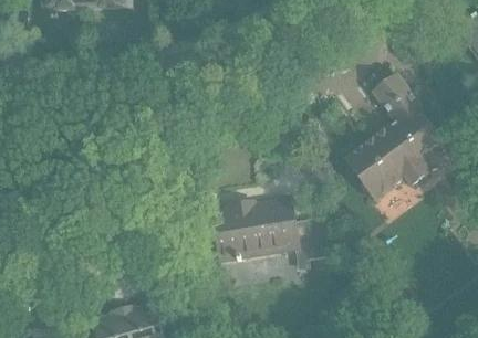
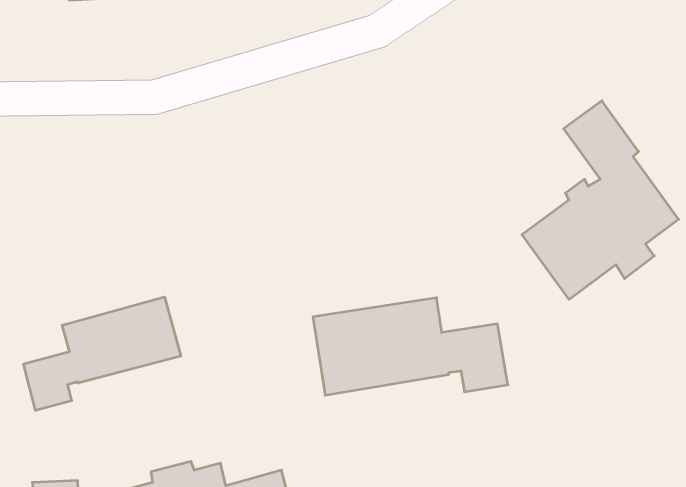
building: none -> [24,297,181,410]

